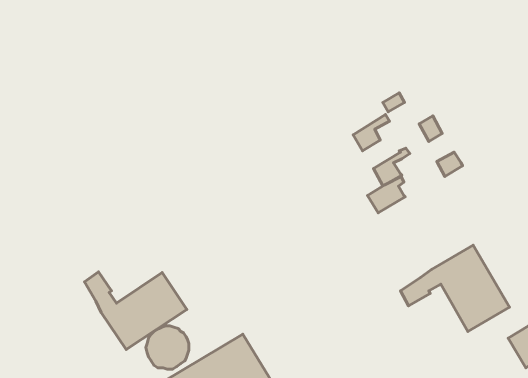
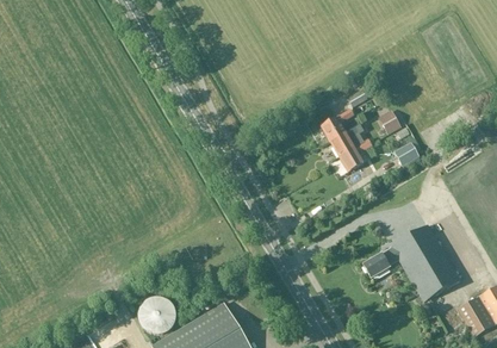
building: [367,177,405,213] -> [330,125,364,157]
building: [85,272,187,350] -> none

